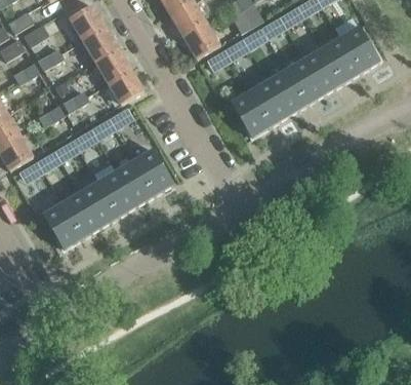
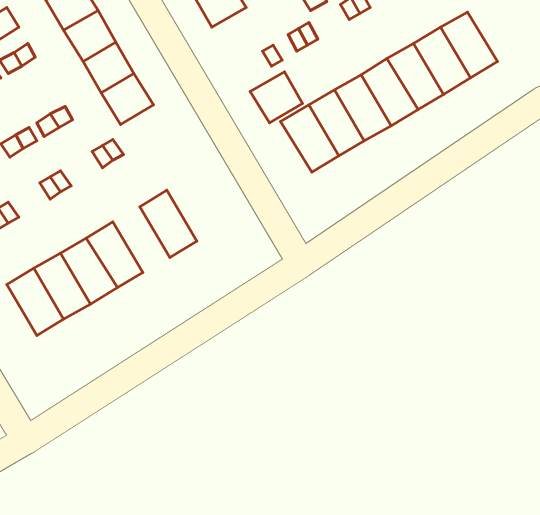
building: [183,24,219,59] -> [250,72,303,123]
building: [116,160,155,205] -> none

